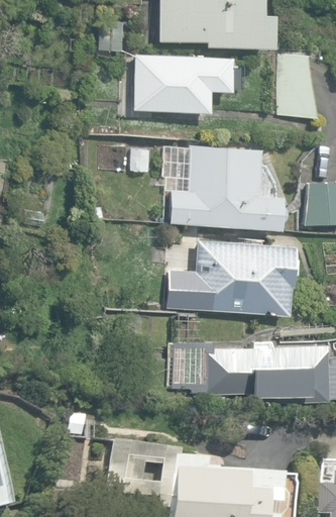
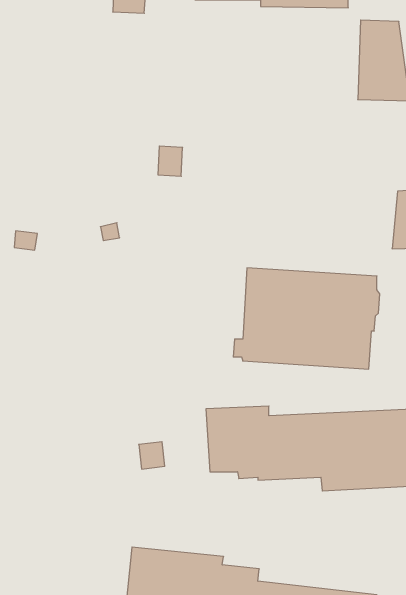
building: [135,54,234,111] -> none
building: [172,144,285,228] -> none

